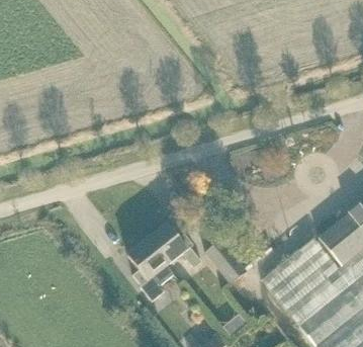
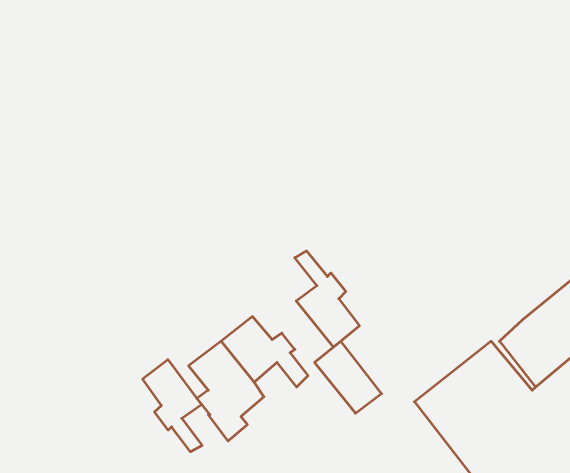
building: none -> [295,251,359,347]
building: none -> [143,360,202,452]

